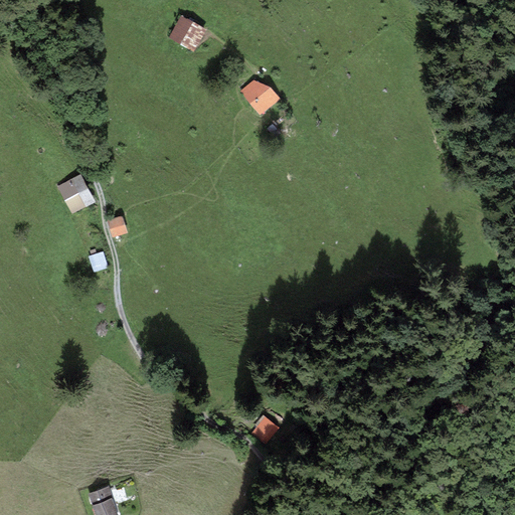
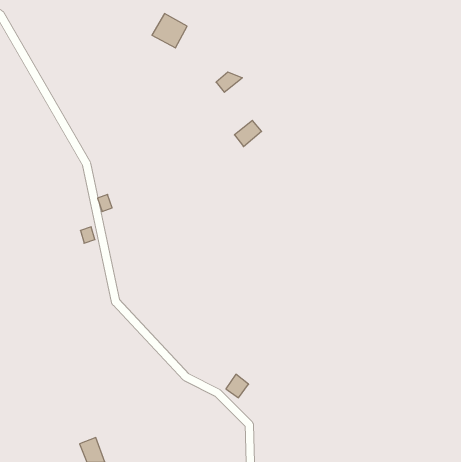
building: [249,87,280,116] -> [234,120,262,147]
building: [58,176,93,211] -> none

